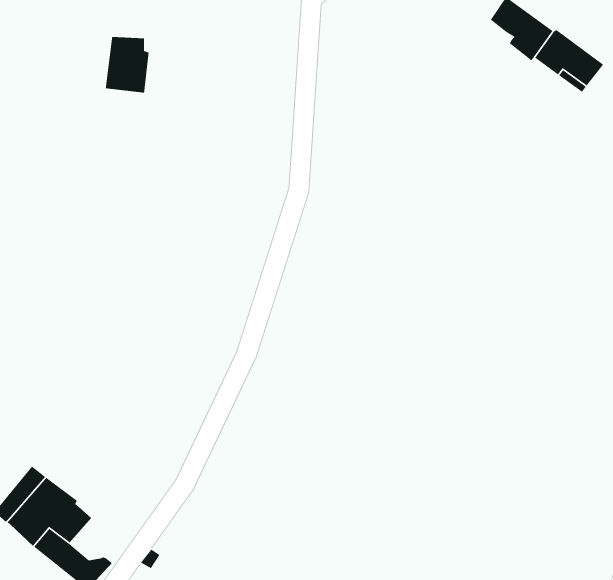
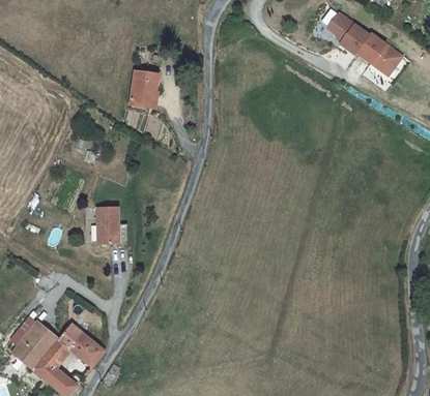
building: [105,36,150,93] -> [133,70,162,108]
building: none -> [99,207,120,242]
building: none -> [58,326,103,368]

